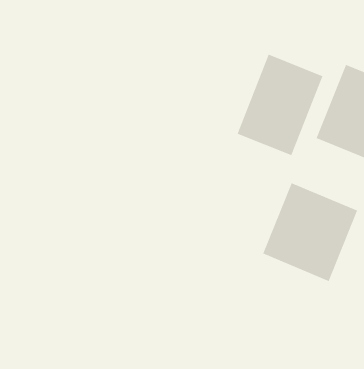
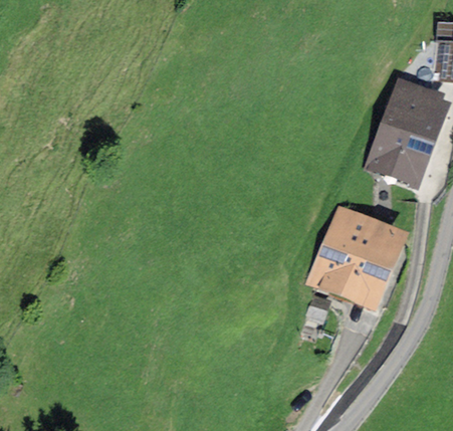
building: [237,54,323,156] -> none

